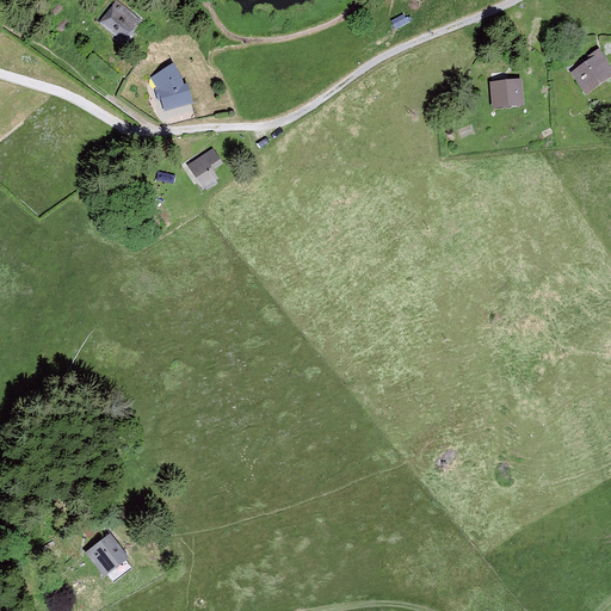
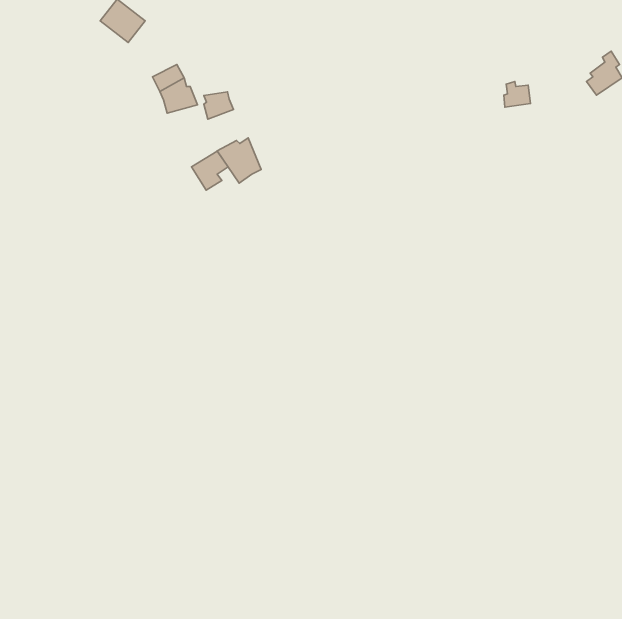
building: none -> [204,92,233,119]
building: none -> [217,138,261,183]
building: [84,531,129,576] -> none

